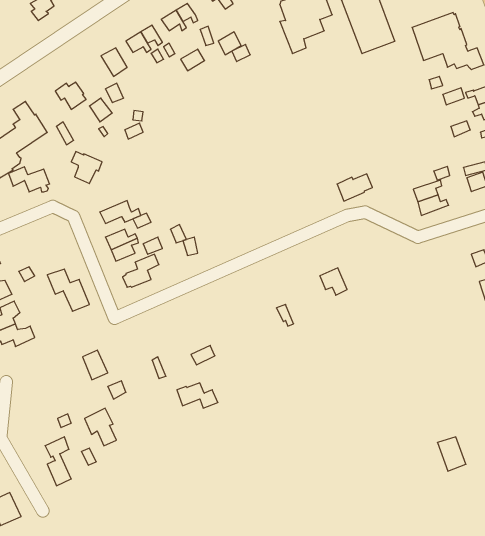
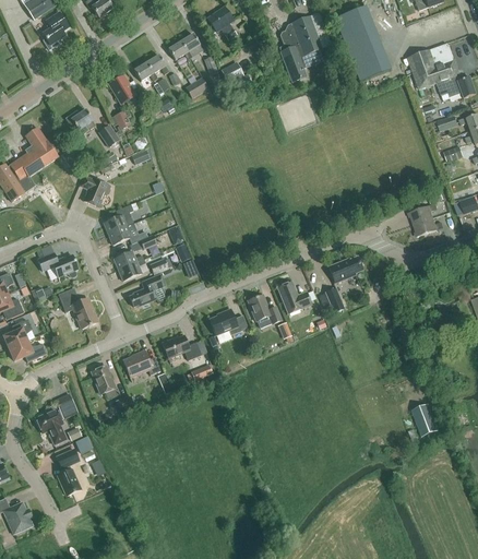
building: [8,167,50,192] -> [38,252,77,276]
building: [337,174,372,201] -> [327,257,361,283]
building: none -> [104,204,134,234]
building: none -> [276,281,310,313]
building: none -> [246,294,282,324]
building: none -> [207,308,247,334]
building: none -> [123,349,160,377]
building: [177,383,218,408] -> [163,335,202,359]
building: [85,408,116,446] -> [36,408,67,444]
building: [437,437,466,471] -> [411,404,439,437]

